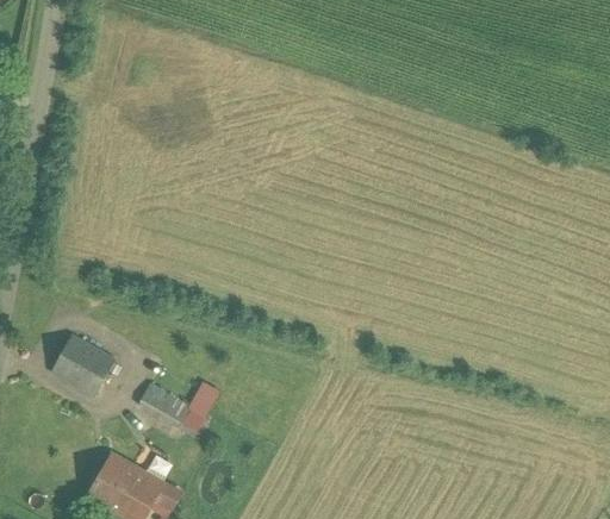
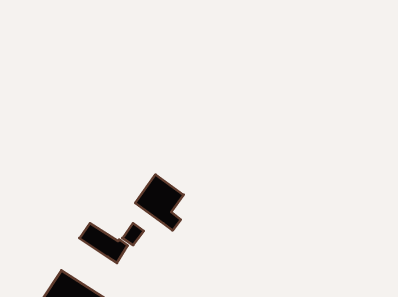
building: none -> [135,175,184,230]
building: [50,330,116,395] -> none

